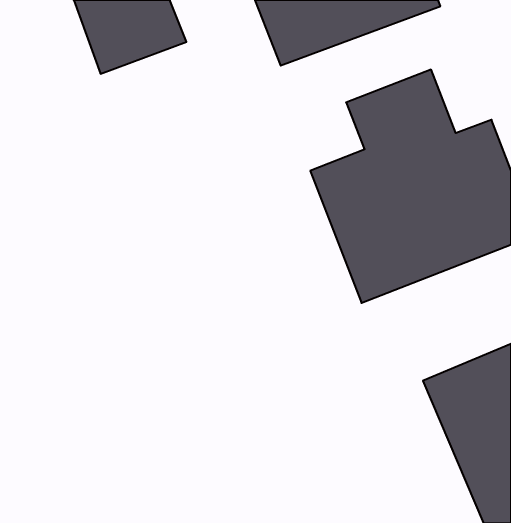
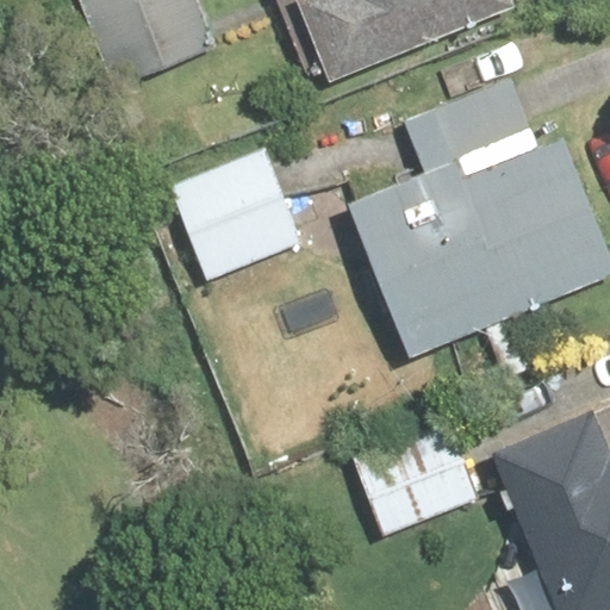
building: none -> [160,148,294,276]
building: none -> [355,419,479,533]

